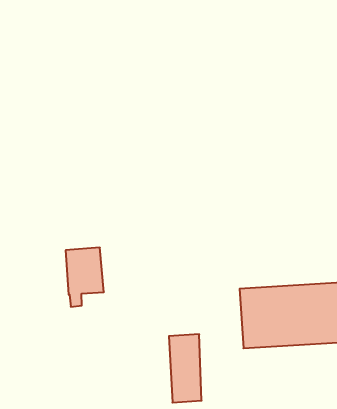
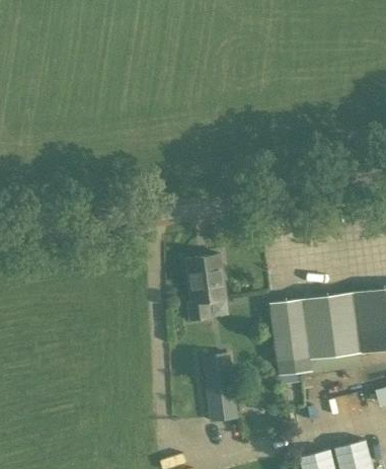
building: [66,248,104,307] -> [186,255,228,317]

